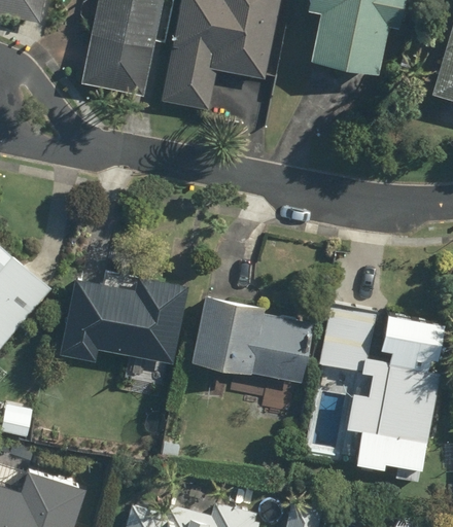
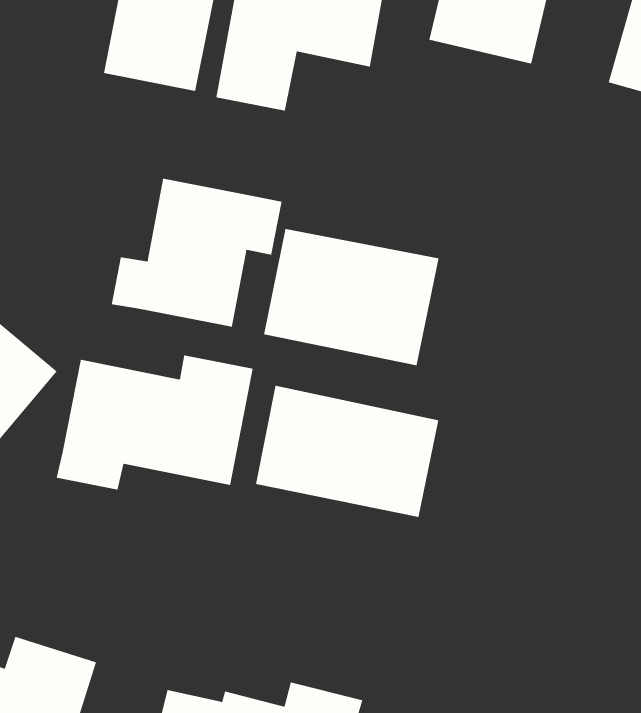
building: none -> [111,178,282,328]
building: none -> [263,228,439,366]
building: [317,302,444,483] -> none

